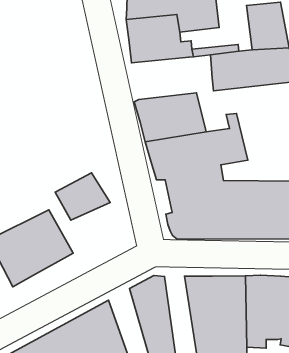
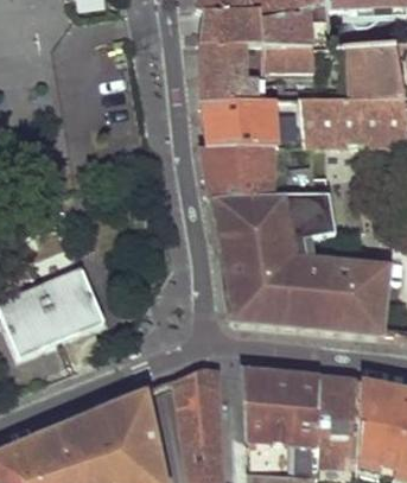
building: none -> [202,96,300,142]
building: [55,173,110,220] -> none

